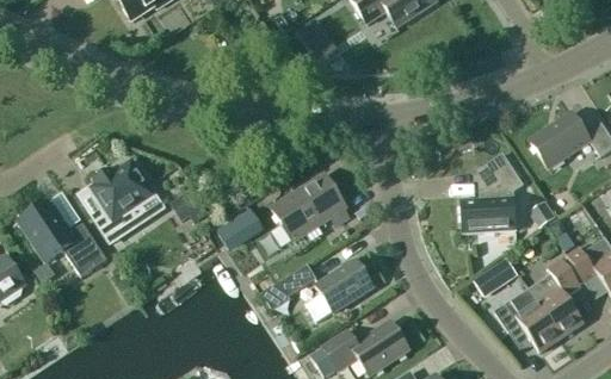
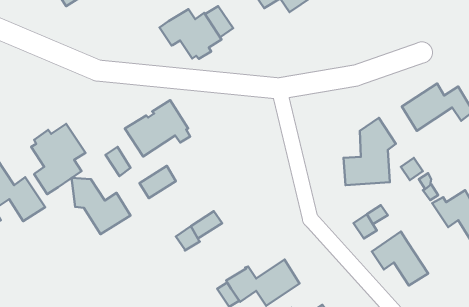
building: none -> [160,9,222,59]
building: [271,174,348,241] -> [125,100,190,157]
building: none -> [71,178,130,234]
building: [537,257,584,337] -> none
building: [304,259,374,321] -> none

